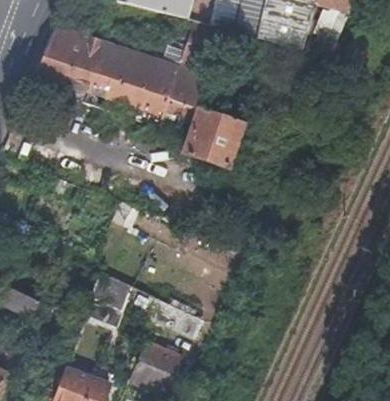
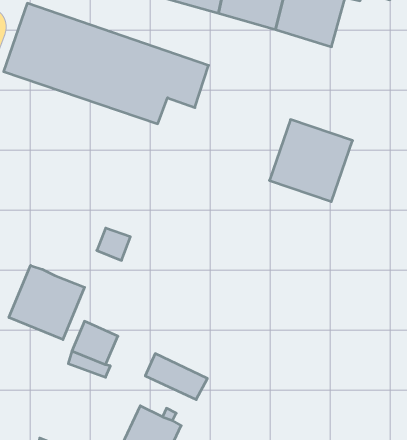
building: [178,100,245,166] -> [269,120,353,202]
building: none -> [9,265,85,340]

